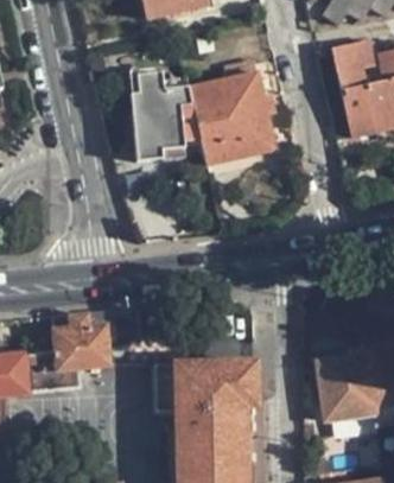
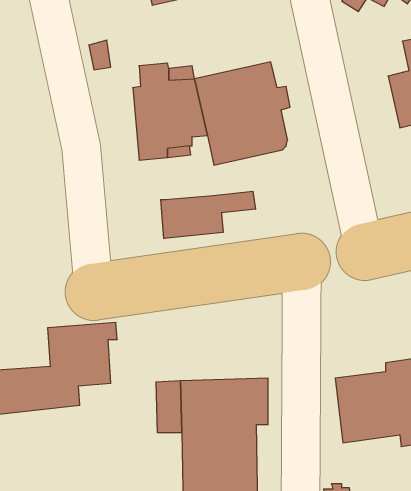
building: [332,39,377,136] -> none
building: none -> [161,191,255,239]

